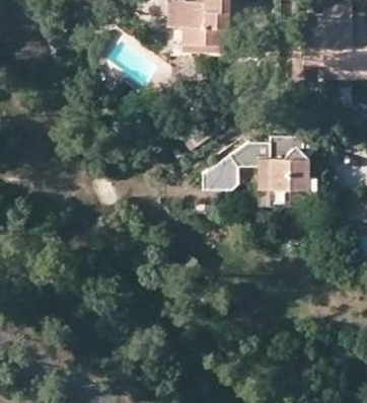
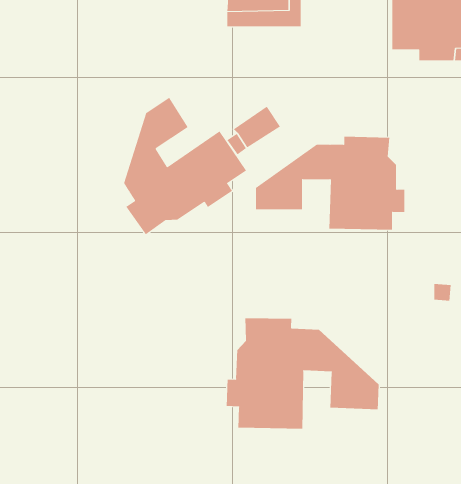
building: none -> [123,97,247,235]
building: none -> [226,317,379,430]

